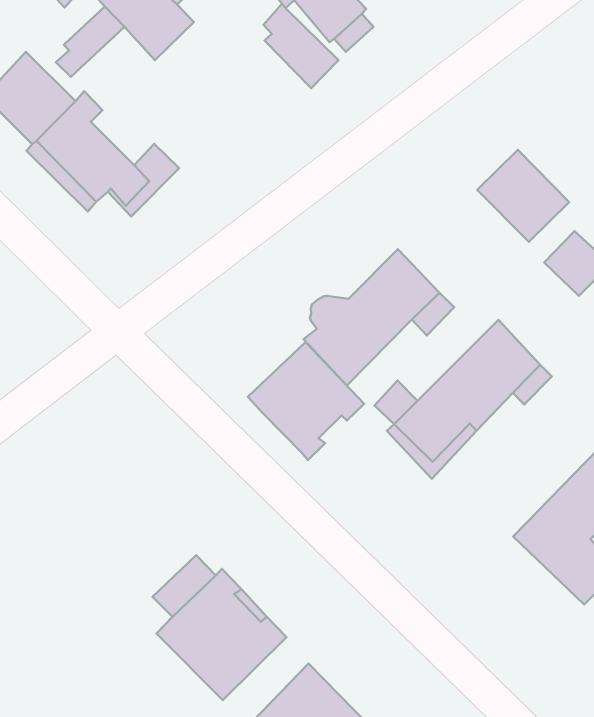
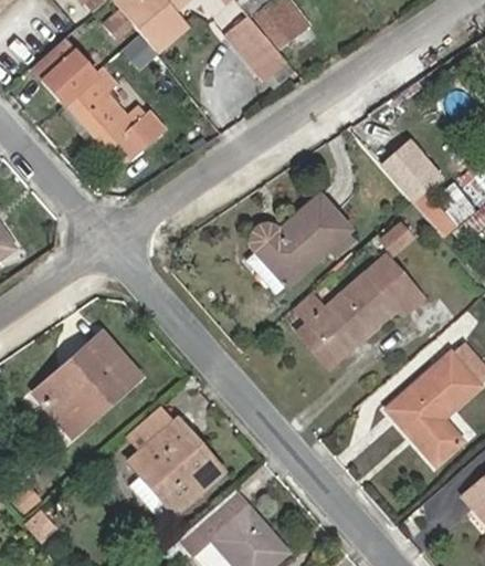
building: [248,342,364,460] -> none
building: none -> [36,333,138,433]

